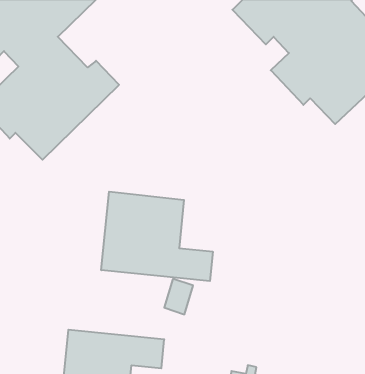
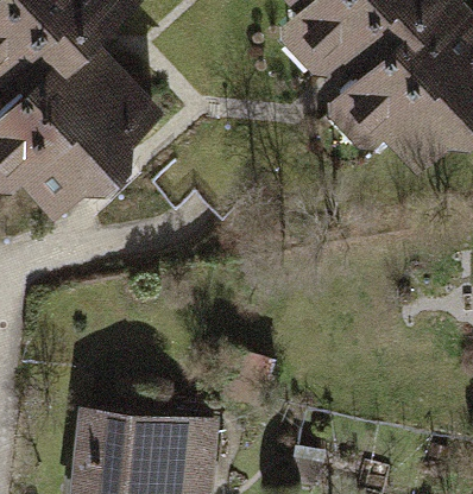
building: [101,192,213,281] -> none

